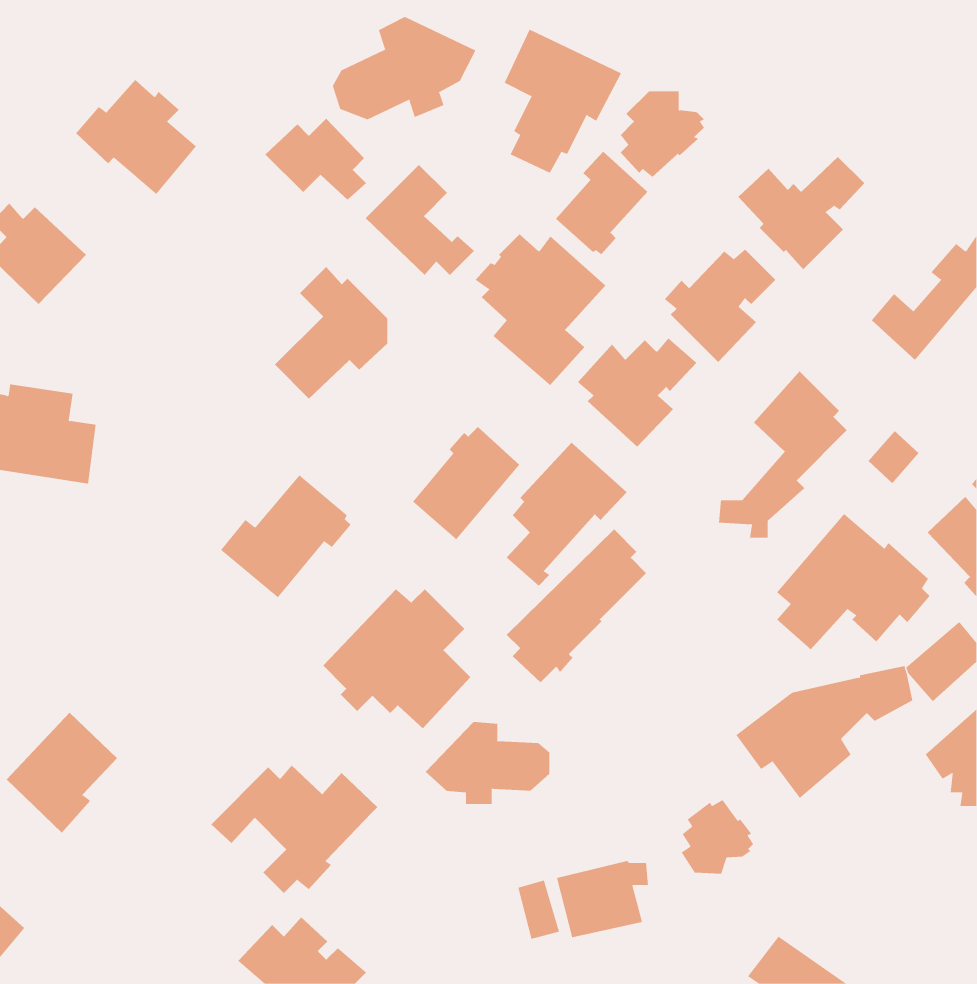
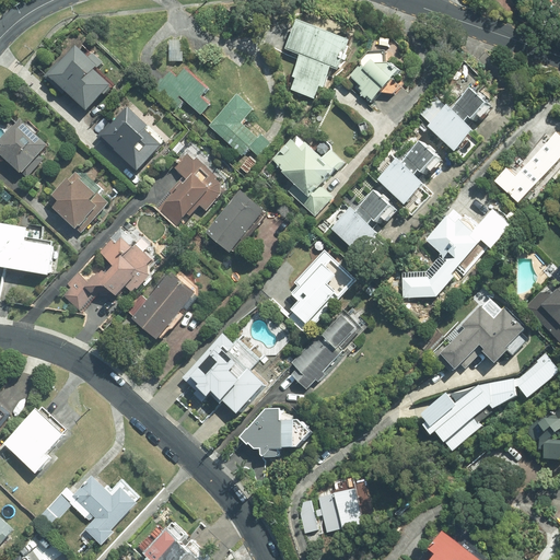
building: [332,16,476,120] -> none
building: [555,151,648,255] -> none
building: none -> [89,106,162,171]
building: none -> [46,166,103,230]
building: none -> [61,238,150,310]
building: [412,426,520,540] -> [206,189,267,254]
building: [867,430,920,484] -> [478,213,508,244]
building: [210,765,378,894] -> [44,474,139,547]
building: [681,799,754,874] -> none

